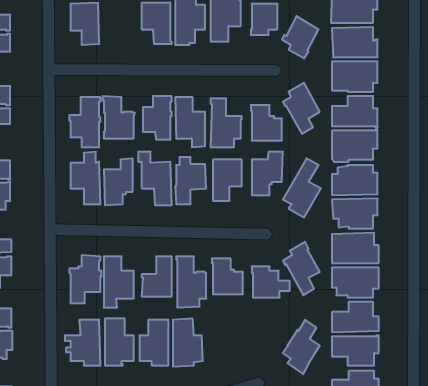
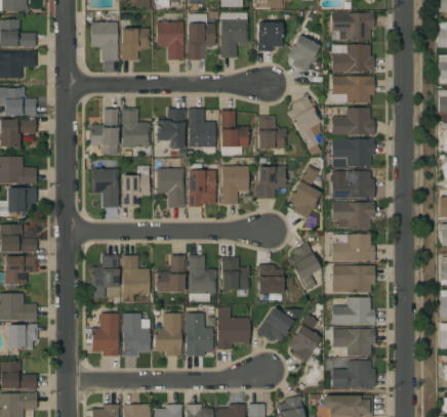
building: none -> [121,28,150,60]
building: none -> [257,307,302,342]
building: none -> [217,318,249,349]

